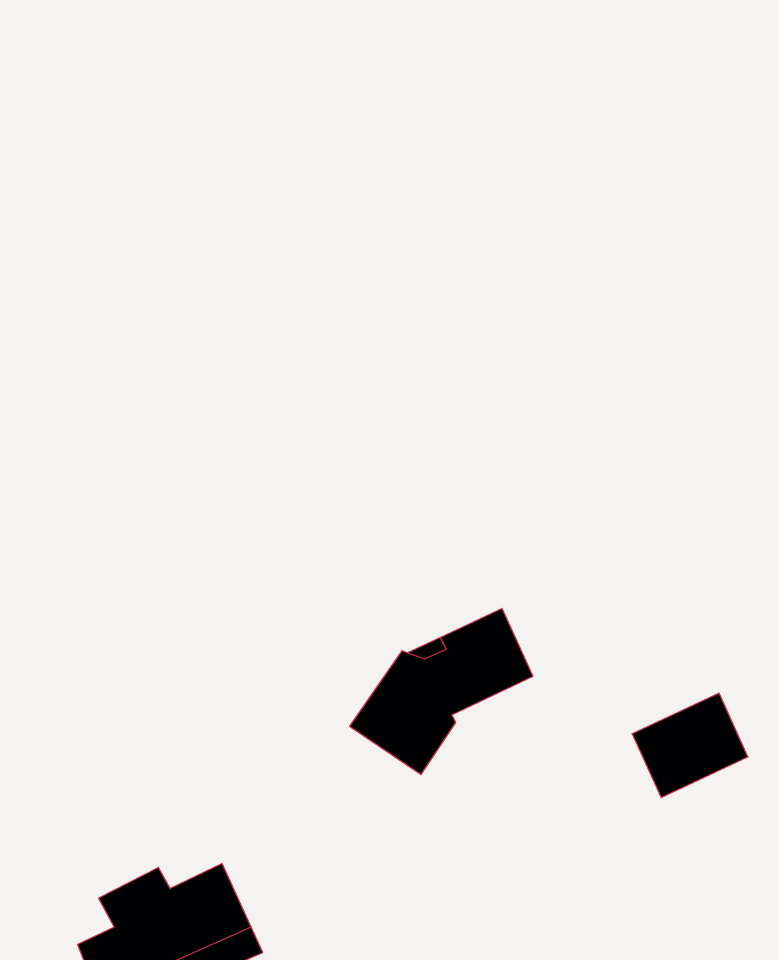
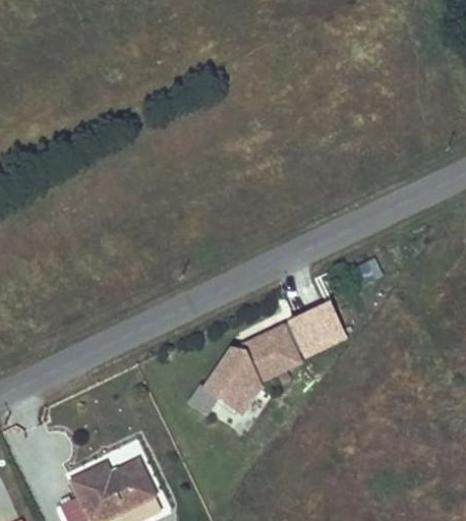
building: [632,693,748,797] -> [285,303,346,358]

